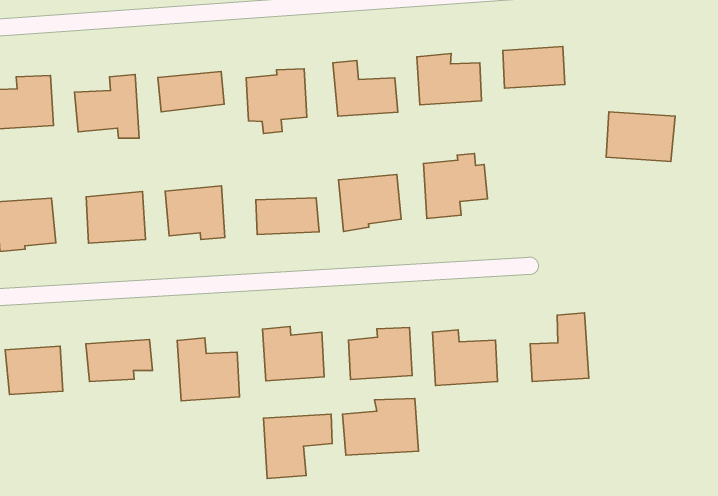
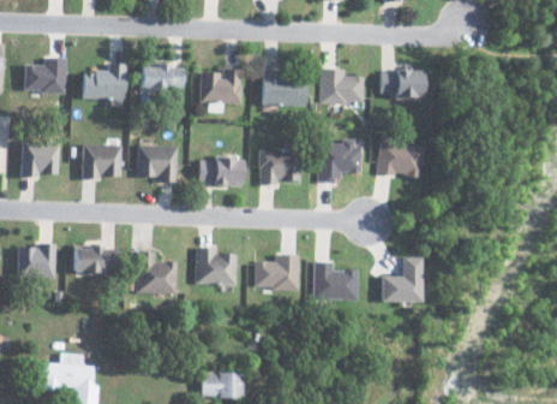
building: [606,112,675,162] -> [377,141,427,179]
building: [343,399,418,455] -> none
building: [263,414,332,478] -> none

